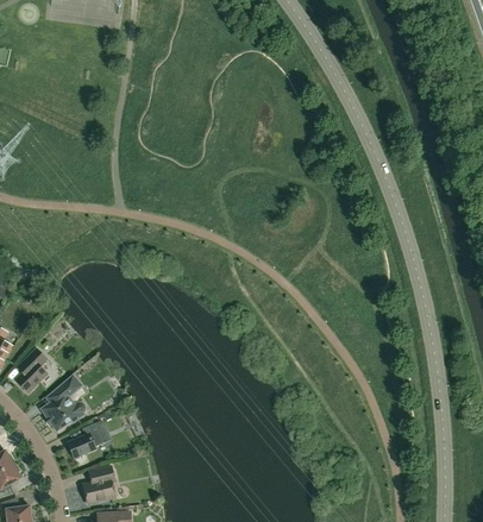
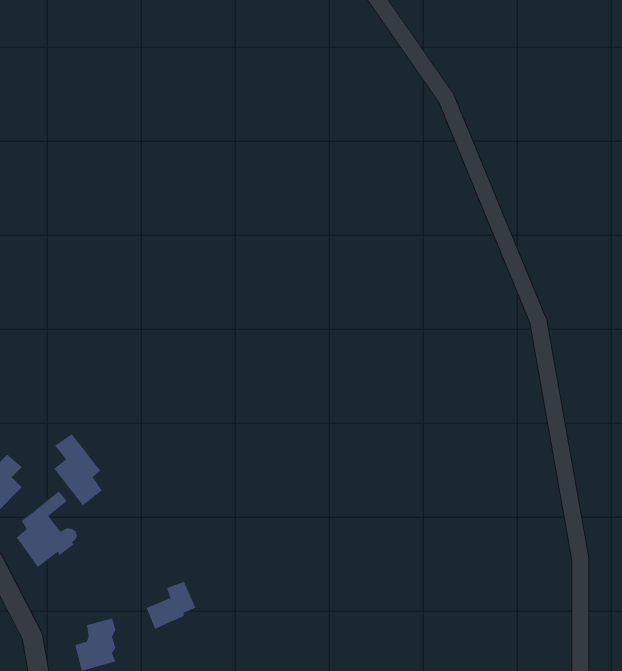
building: none -> [53,433,102,506]
building: [68,423,104,458] -> [146,581,196,630]

